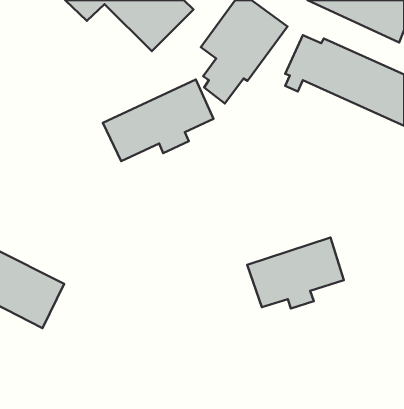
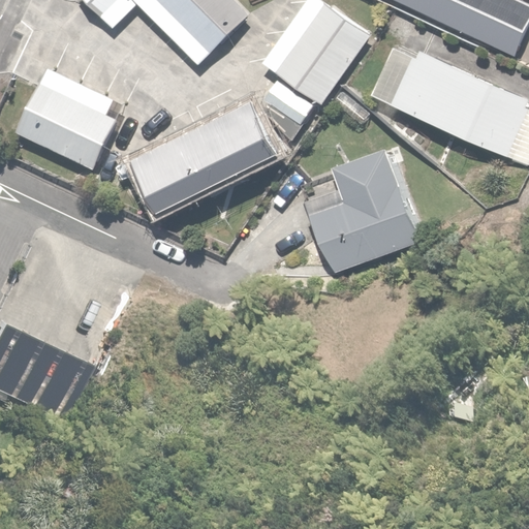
building: none -> [15,63,126,167]
building: none -> [301,148,419,269]
building: [247,238,344,309] -> none

